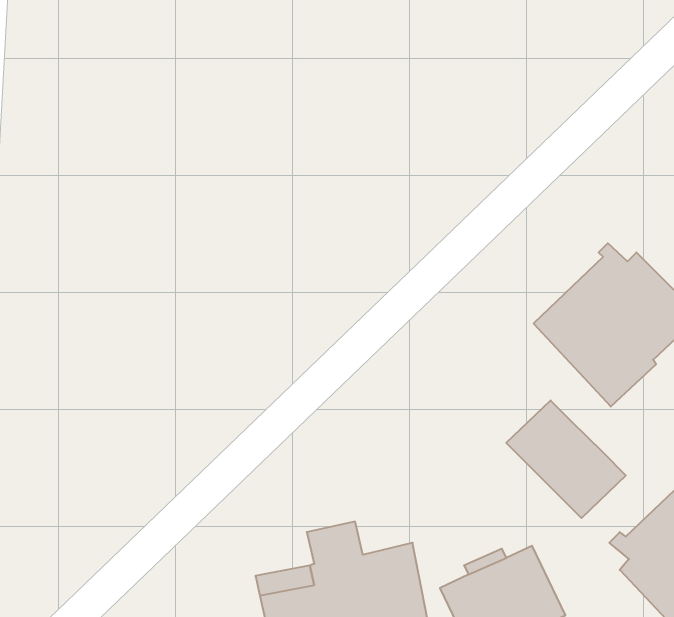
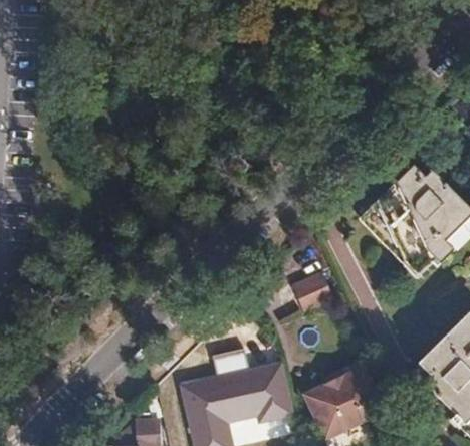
building: [506,400,626,518] -> none
building: none -> [293,270,334,311]

